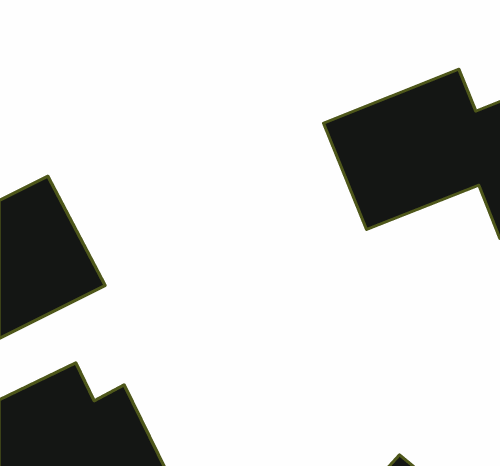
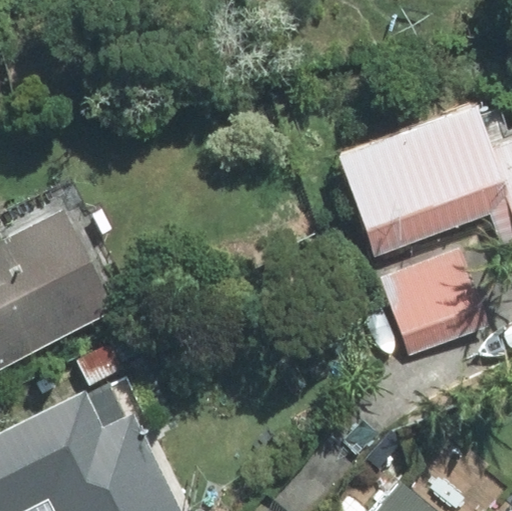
building: none -> [380,246,491,359]

